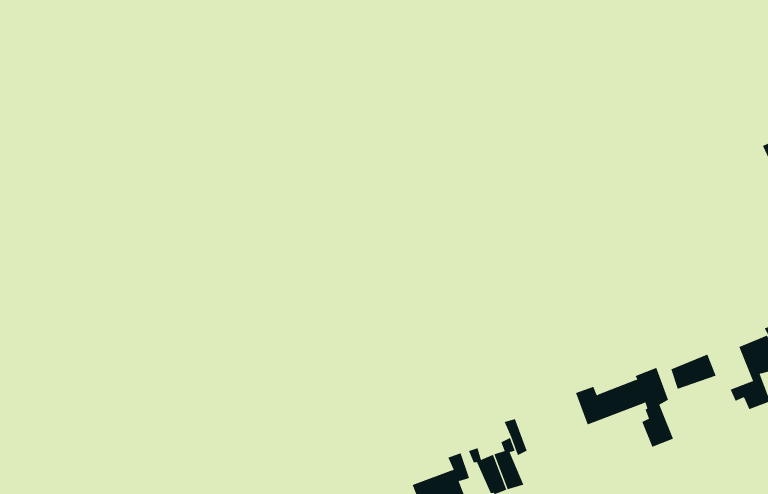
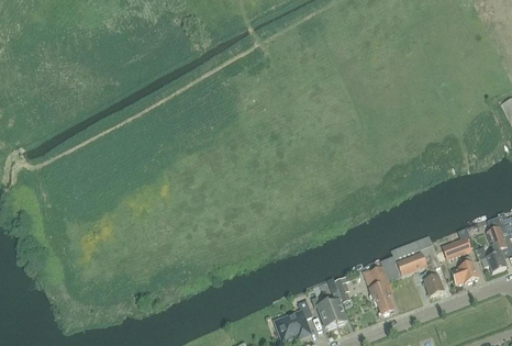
building: none -> [450,254,478,283]
building: none -> [368,266,393,314]

